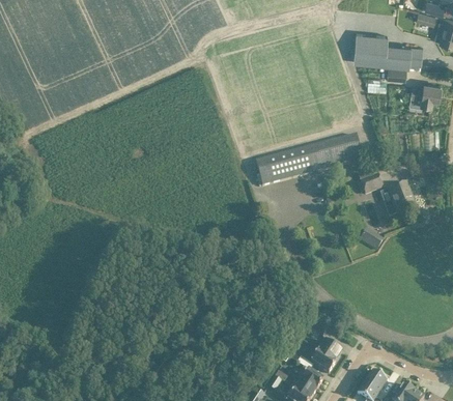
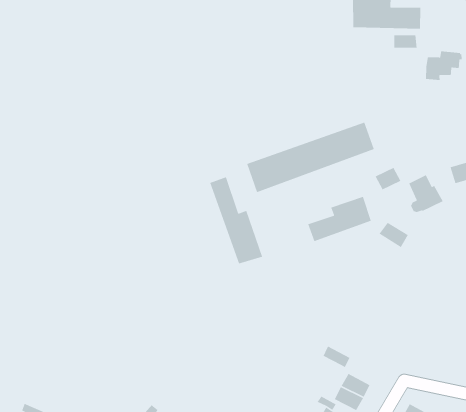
building: none -> [209,176,263,265]
building: none -> [307,196,372,242]

